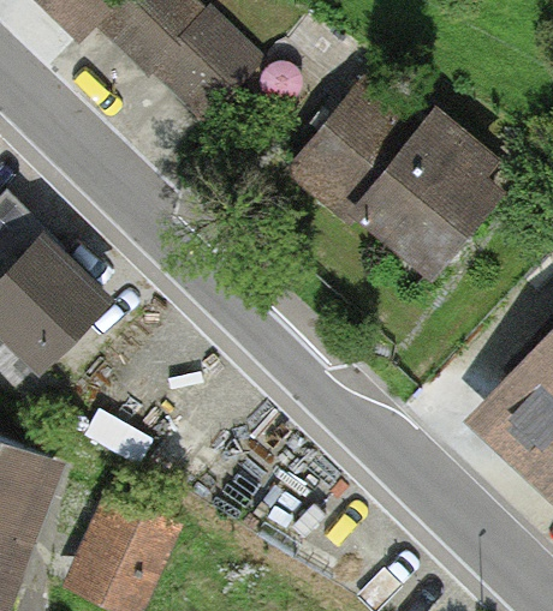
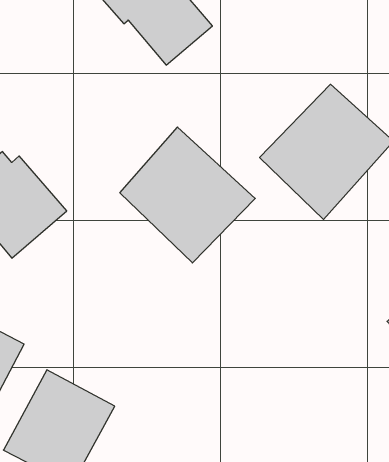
building: [281,79,410,215] -> none
building: none -> [120,127,255,263]

